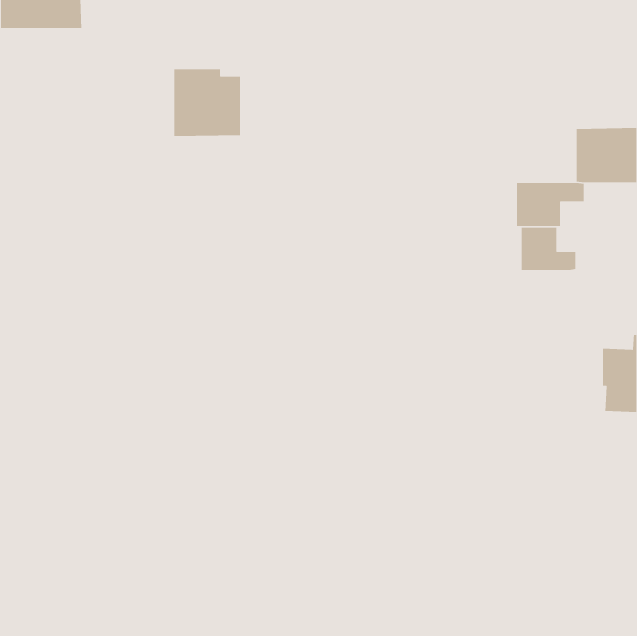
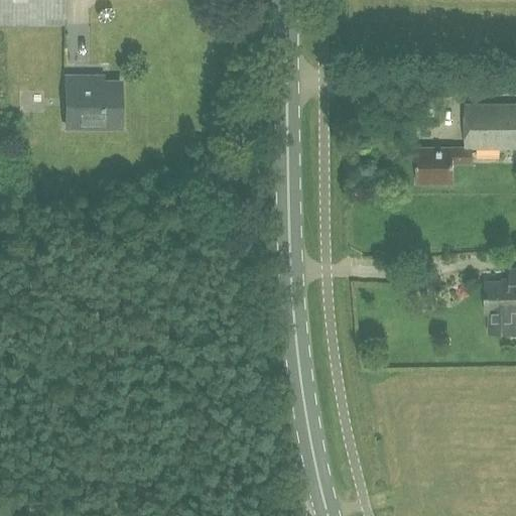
building: [174,68,241,137] -> [66,72,120,127]
building: [521,227,576,271] -> none

